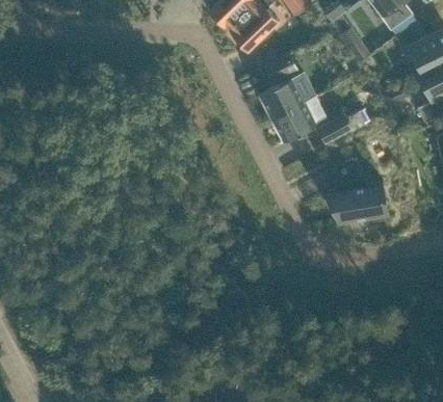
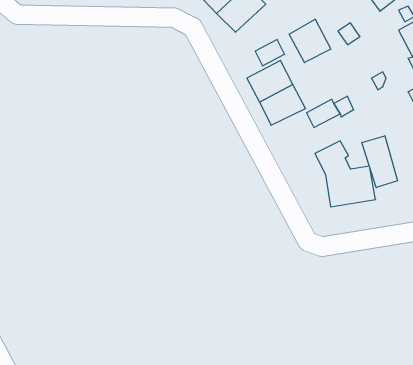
building: none -> [289,19,331,63]
building: none -> [362,136,398,188]

